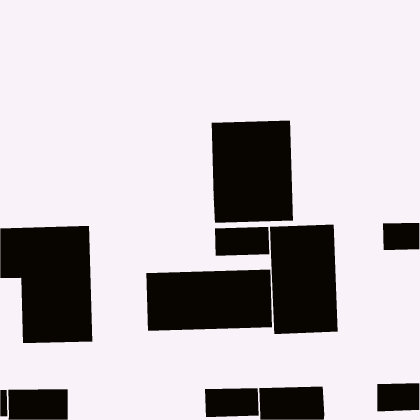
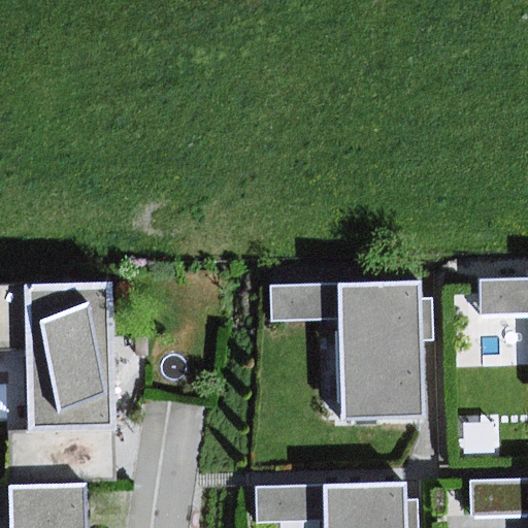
building: [211,120,294,224] -> none
building: [146,269,272,331] -> none

